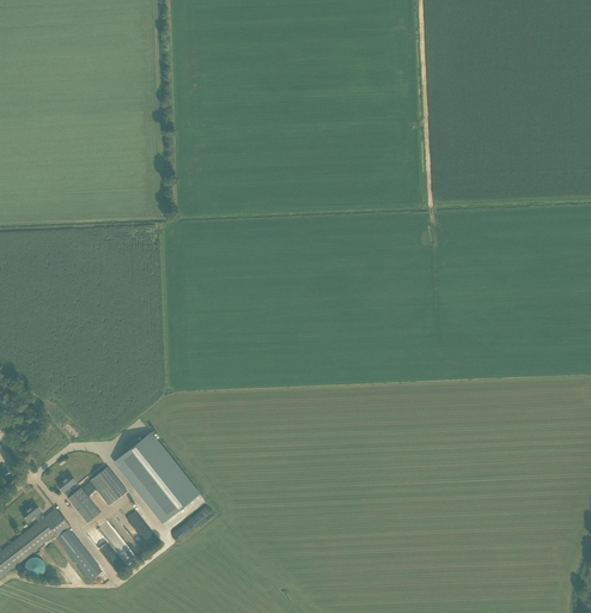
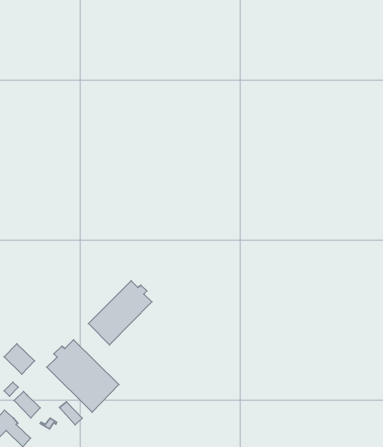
building: none -> [89,281,152,345]
building: [90,466,127,504] -> [4,344,35,374]

